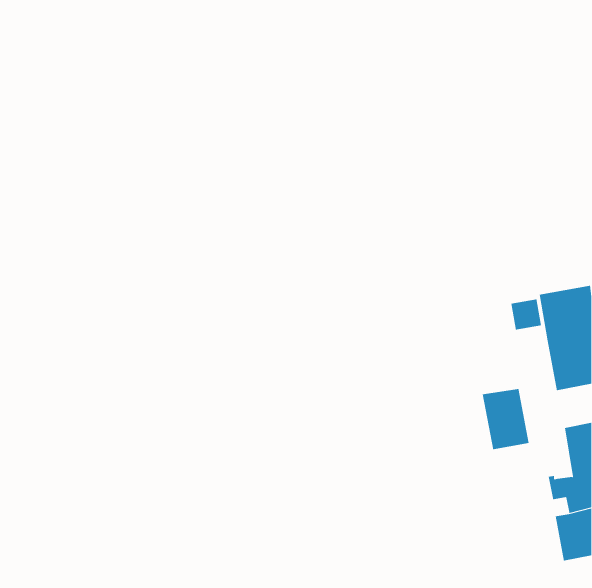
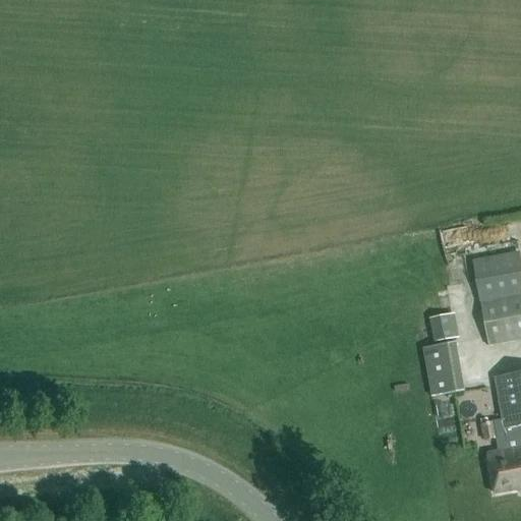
building: [510,299,542,330] -> [430,313,458,341]

